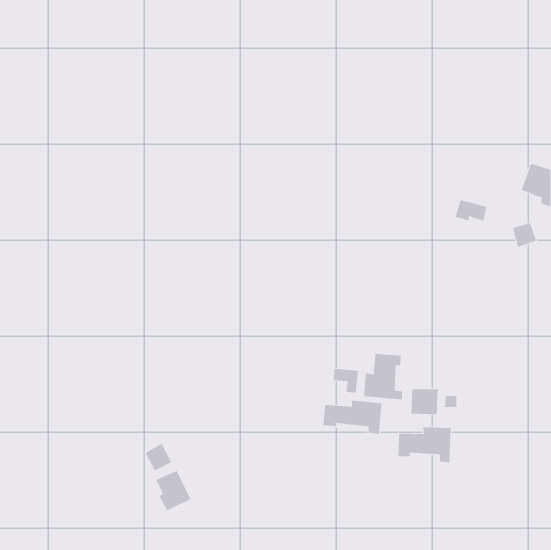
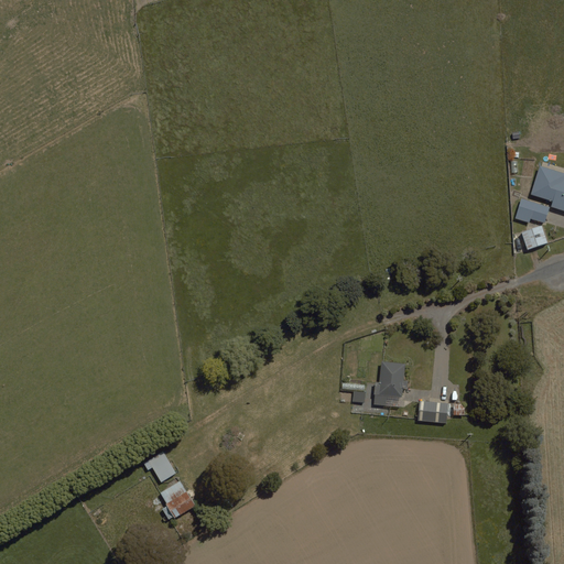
building: [455,199,487,221] -> [516,199,549,221]
building: [323,400,382,435] -> none
building: [398,427,451,463] -> none

